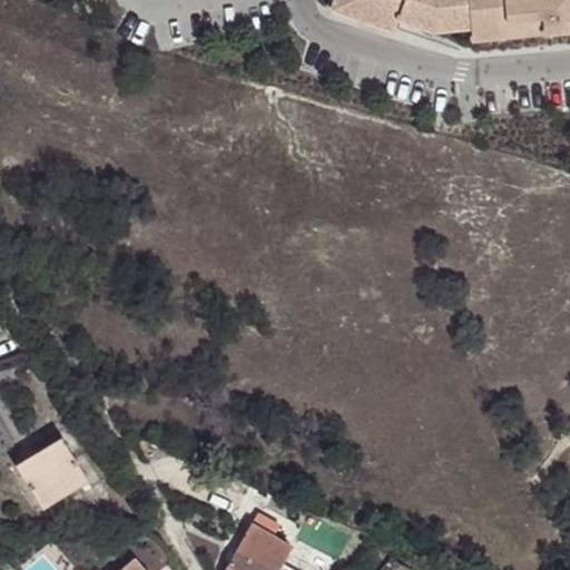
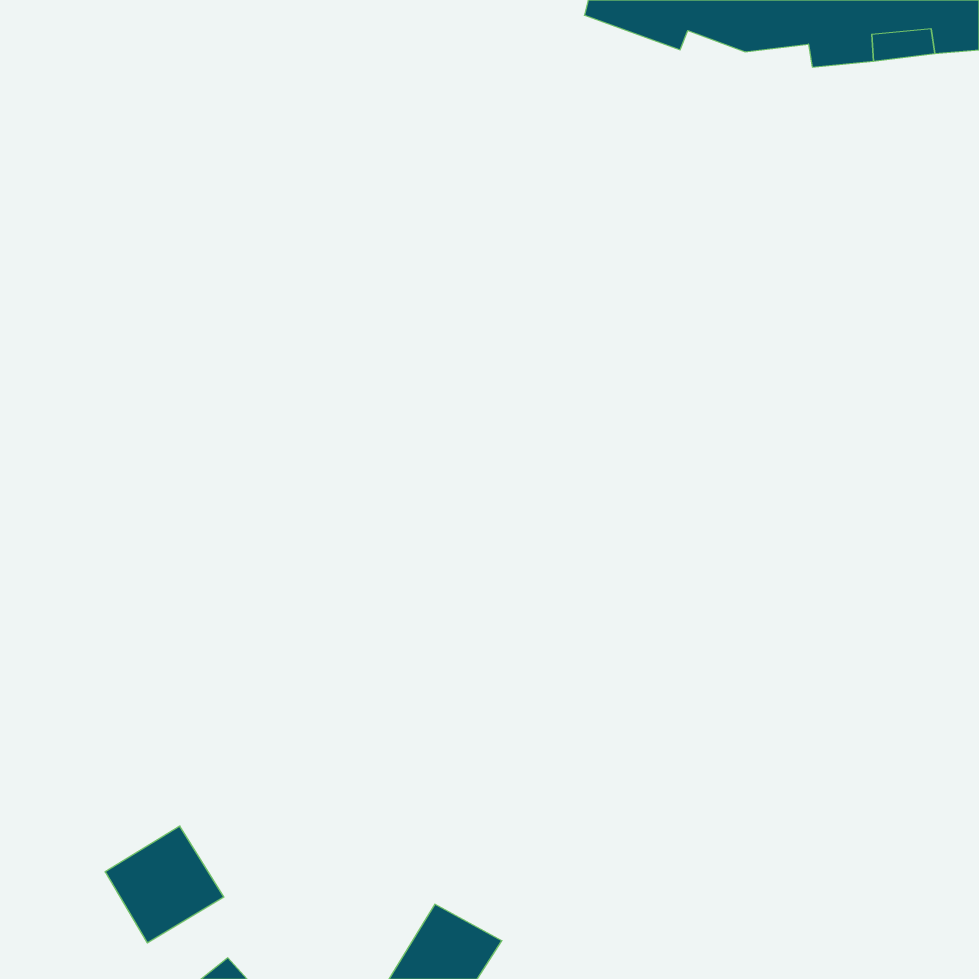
building: [18,440,87,508] -> [105,826,224,943]

